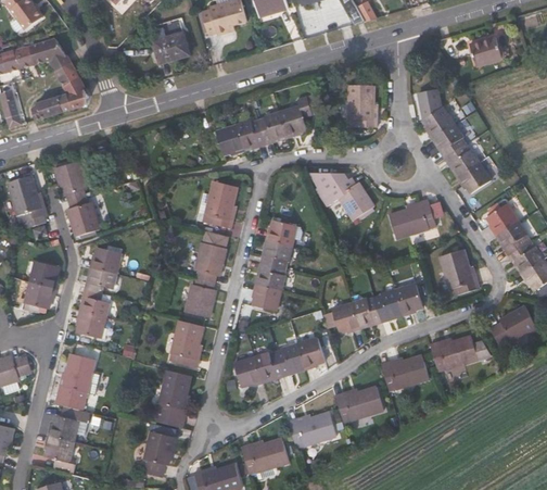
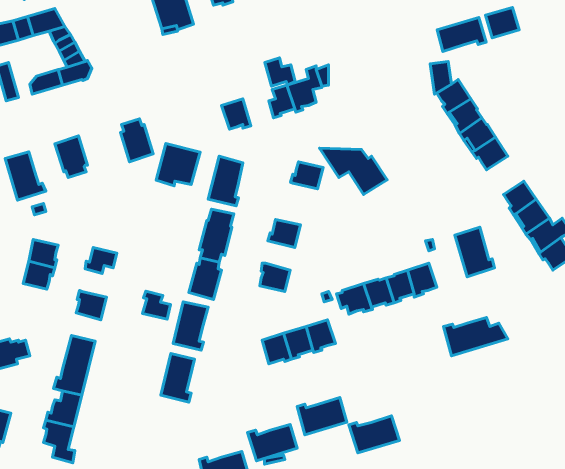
building: none -> [437,17,486,51]
building: [348,85,377,126] -> none
building: [237,121,266,148] -> [265,58,295,86]
building: none -> [156,144,200,186]
building: [67,196,99,237] -> [120,119,153,162]
building: [390,199,436,238] -> none
building: [266,221,297,247] -> [291,162,323,189]
building: [90,247,120,274] -> none
building: [258,262,287,290] -> none
building: [81,289,109,316] -> [142,291,171,319]
building: [491,306,537,344] -> none
building: [381,355,429,391] -> none
building: [234,357,263,387] -> none
building: [335,387,384,423] -> [349,416,399,453]
building: [143,432,175,477] -> none

